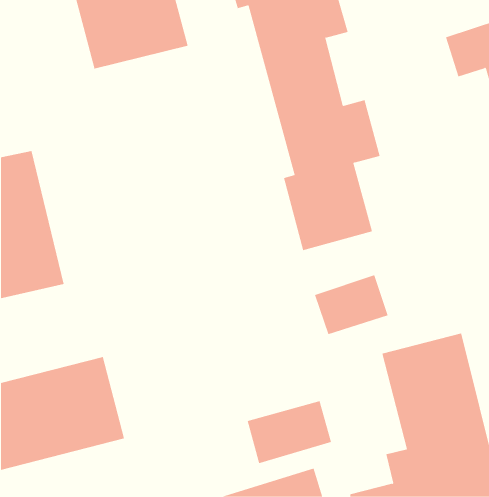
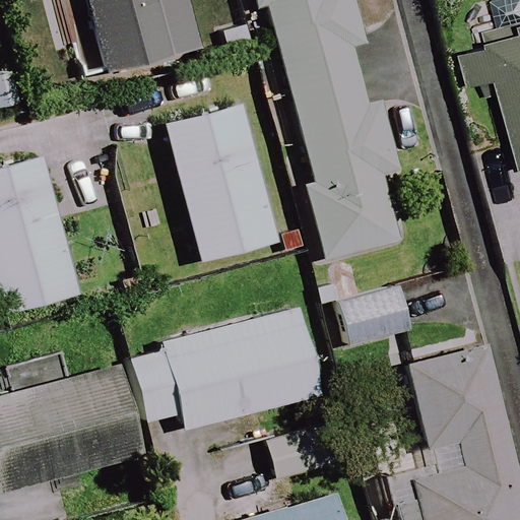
building: none -> [169,109,276,262]
building: none -> [133,305,323,432]

